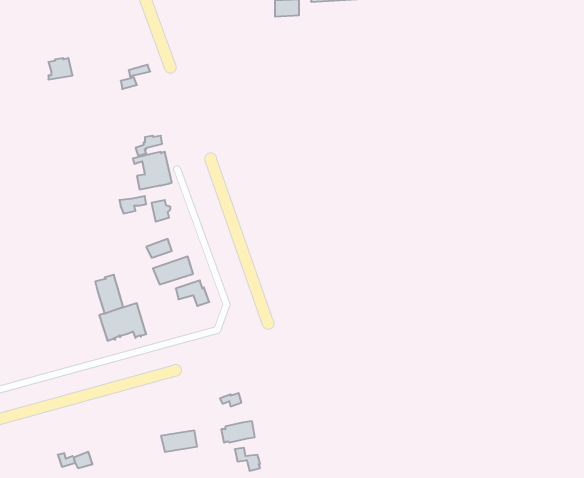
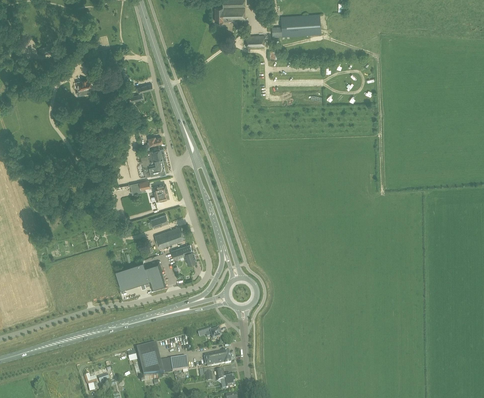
building: [95,275,123,314] -> [144,261,165,290]
building: none -> [136,343,163,375]

